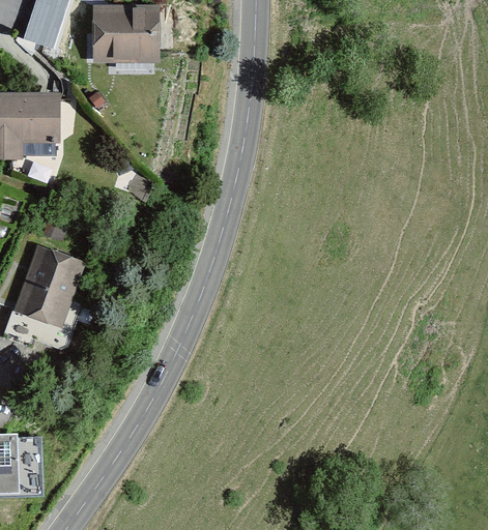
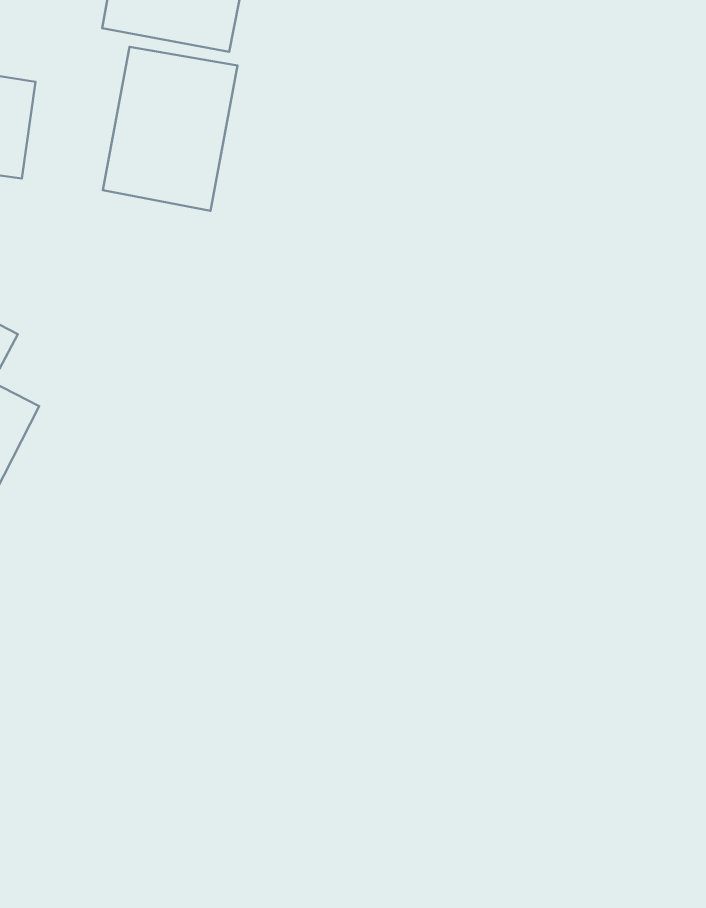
building: none -> [103,47,237,211]

